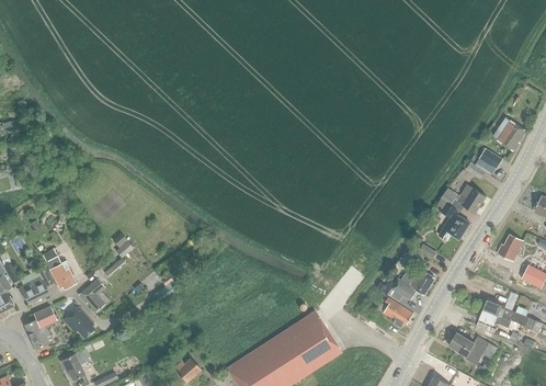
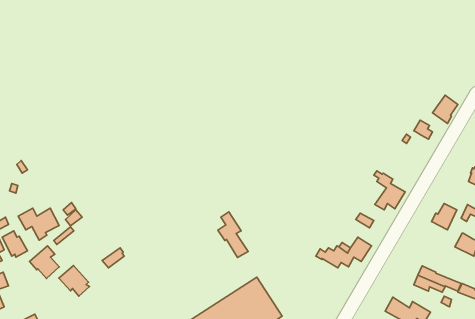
building: [440,184,486,213] -> none
building: none -> [18,208,59,240]
building: none -> [218,212,248,257]
building: [383,296,413,328] -> none
building: [62,306,94,338] -> [59,265,89,296]

